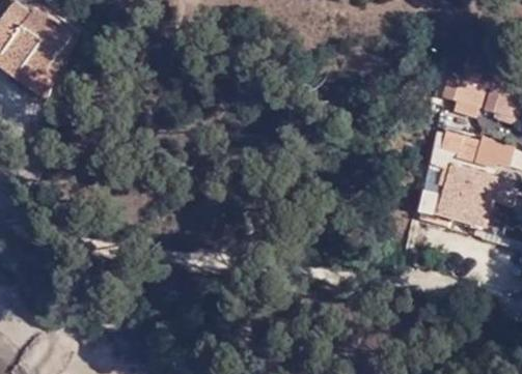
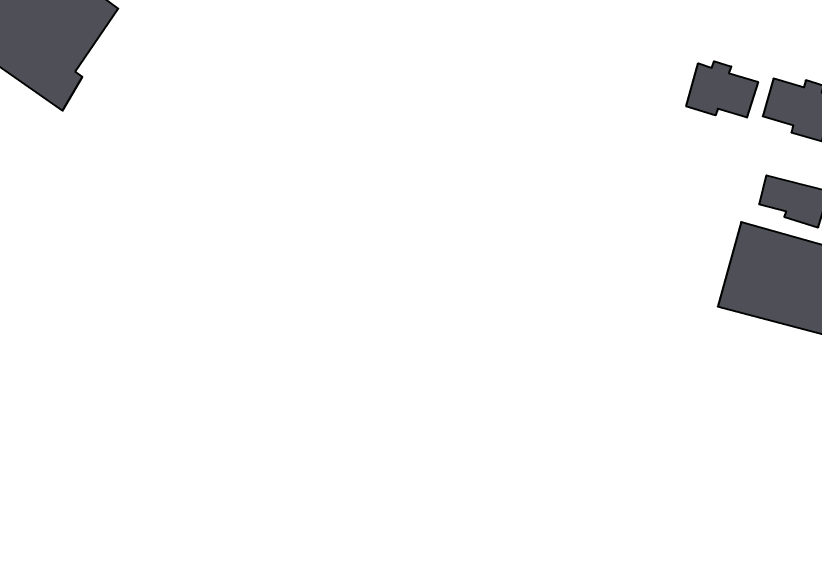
building: none -> [686,61,758,118]

